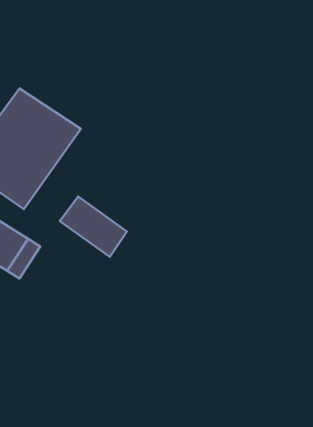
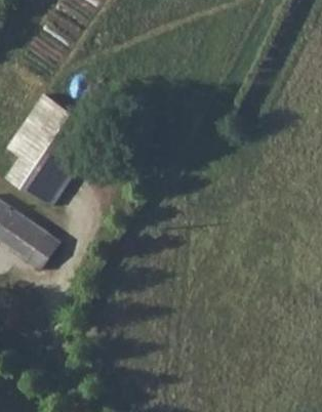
building: [60,197,127,257] -> none

